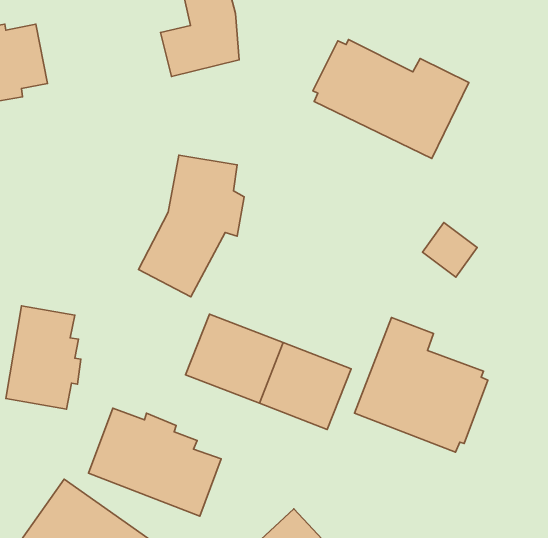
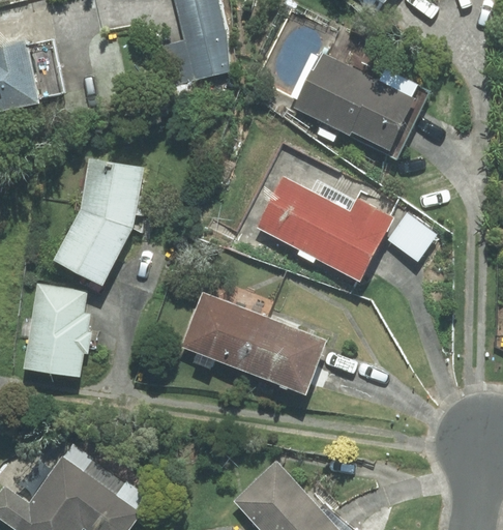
building: [138,155,244,297] -> [55,160,147,284]
building: none -> [256,177,393,282]
building: [354,318,488,452] -> none
building: [88,408,221,516] -> none

